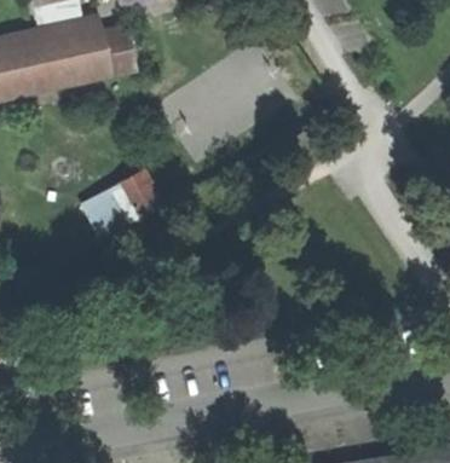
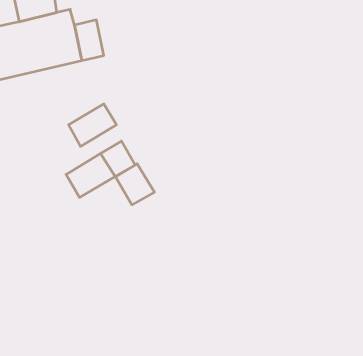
building: none -> [69,104,116,146]
building: none -> [116,164,154,205]

